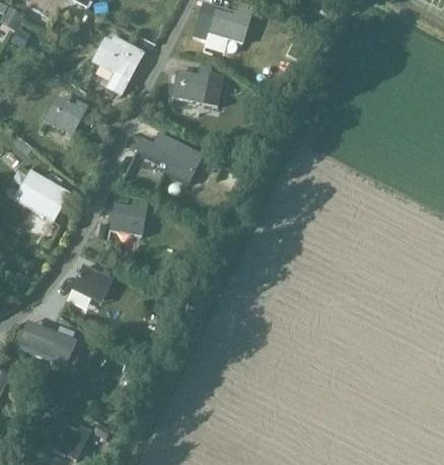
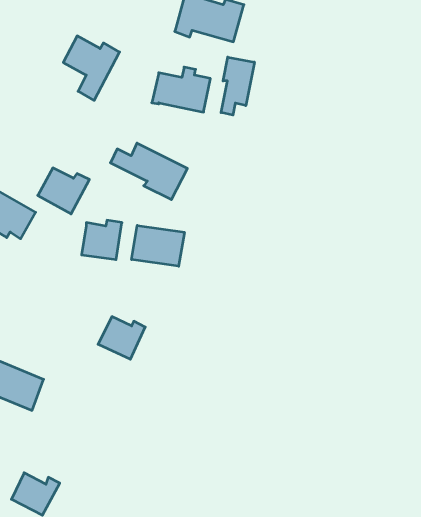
building: none -> [221,57,254,115]
building: [43,94,88,135] -> [38,168,89,214]
building: none -> [132,225,184,266]
building: [72,263,114,301] -> [98,317,145,359]

